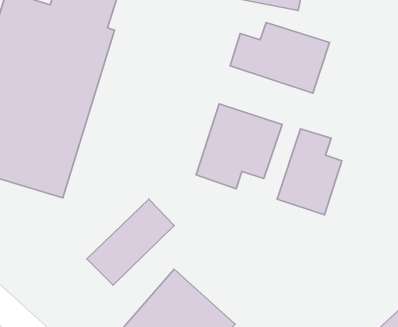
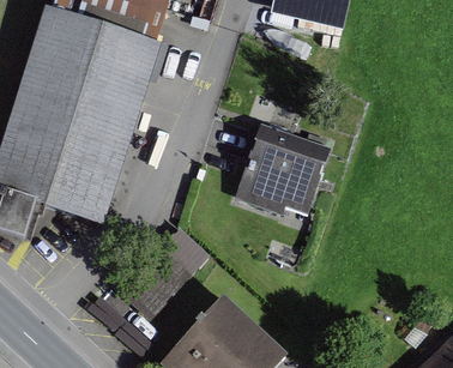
building: [230,23,329,93] -> none
building: [277,129,342,215] -> none

